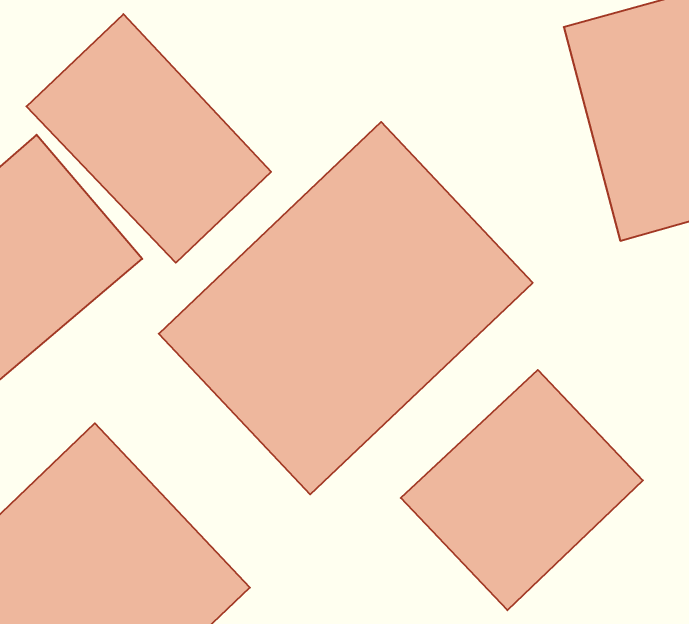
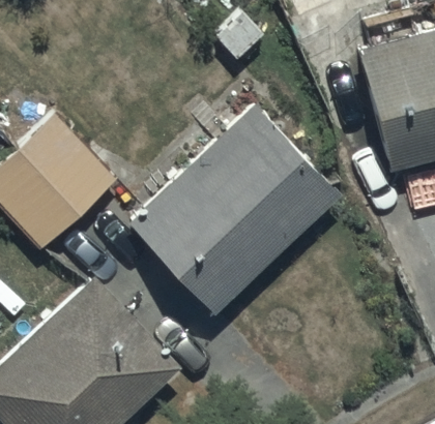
building: [26,14,271,263] -> none
building: [401,370,643,610] -> none

